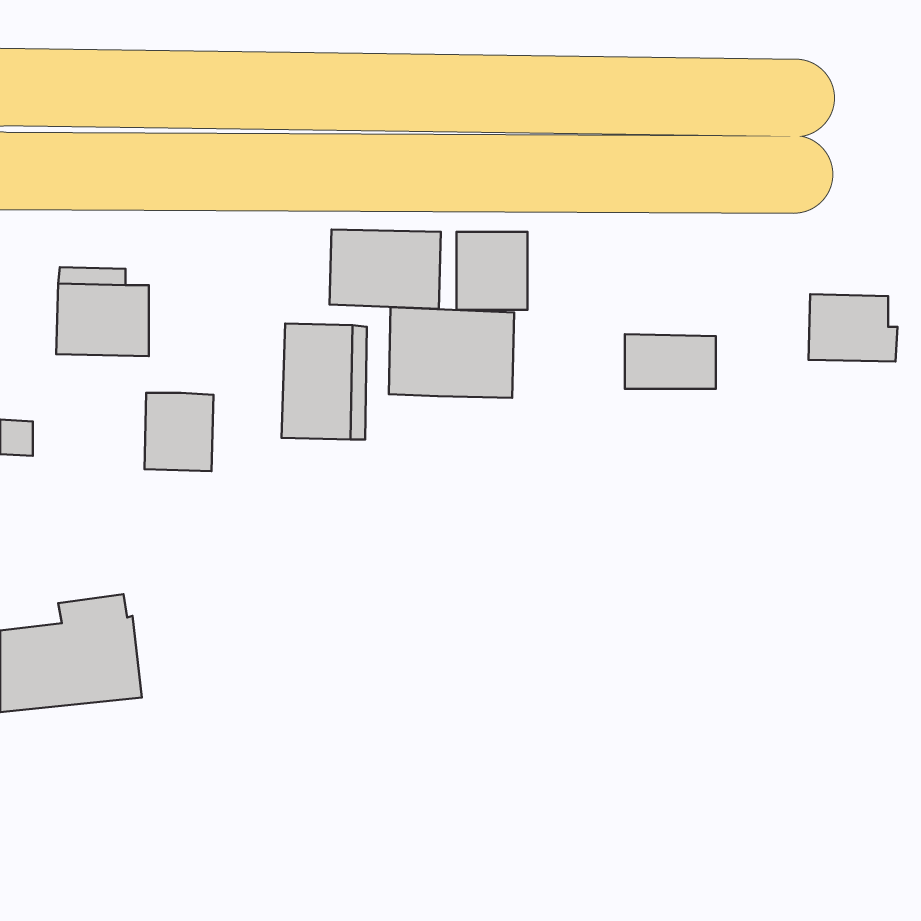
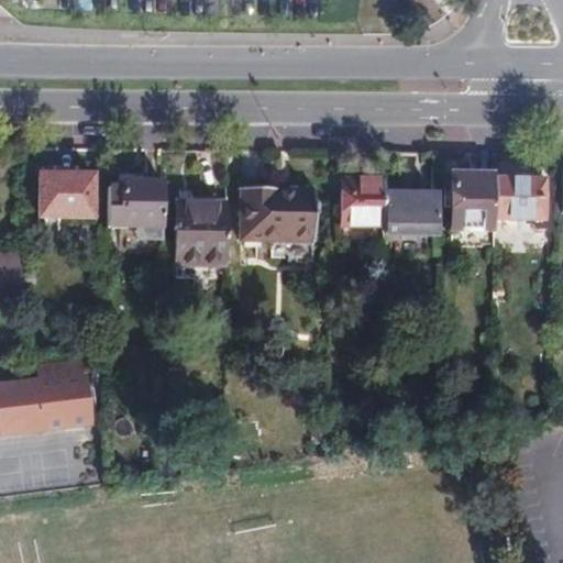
building: [329,230,441,309] -> none
building: [457,232,527,310] -> [340,177,383,224]
building: none -> [453,173,495,229]
building: [144,393,213,471] -> [122,179,164,227]

